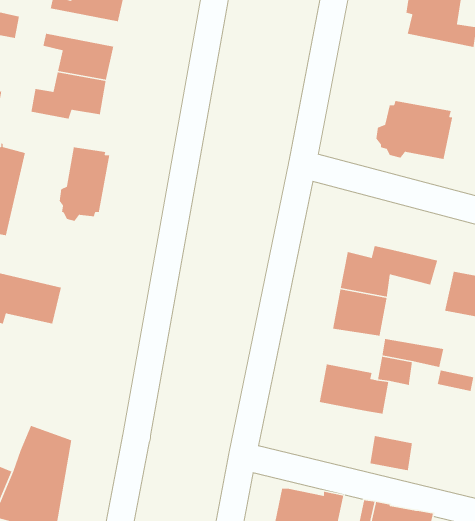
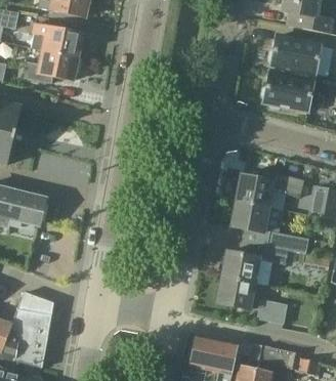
building: none -> [268,37,322,78]
building: [59,146,110,222] -> none
building: none -> [217,278,254,309]

